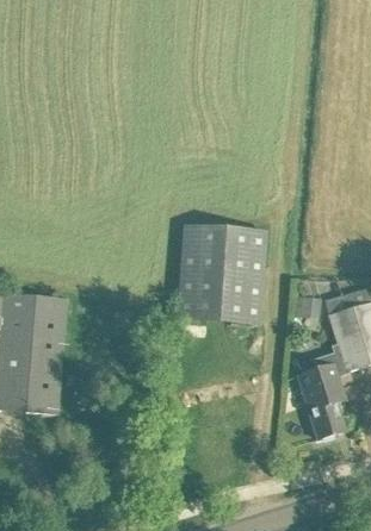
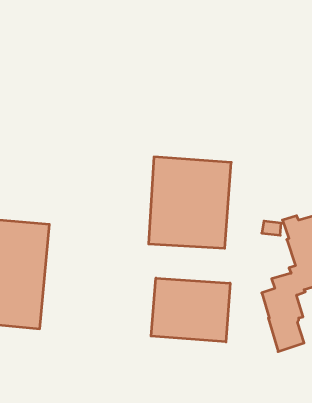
building: none -> [151,278,230,342]

